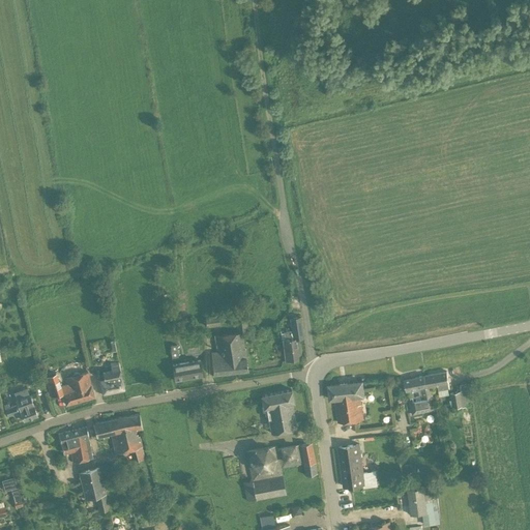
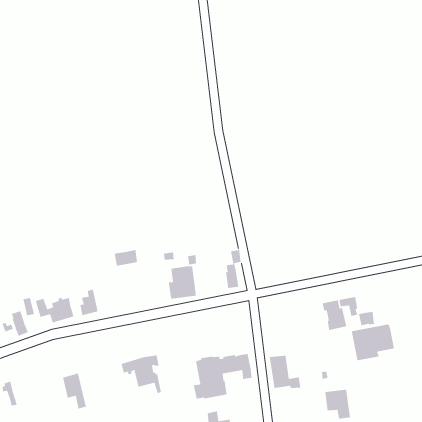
building: [171,360,201,382] -> [114,249,138,267]
building: [327,381,363,423] -> none
building: [260,389,295,434] -> none
building: none -> [351,324,395,361]
building: [92,413,144,463] -> [121,354,162,394]
building: [57,428,91,463] -> none

